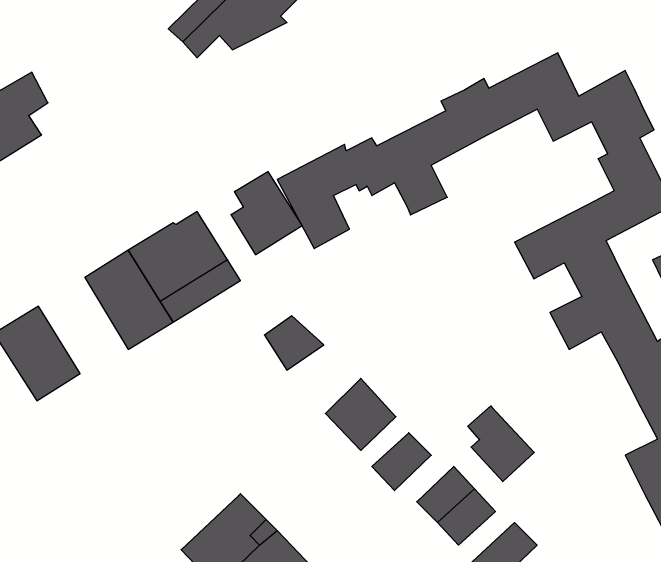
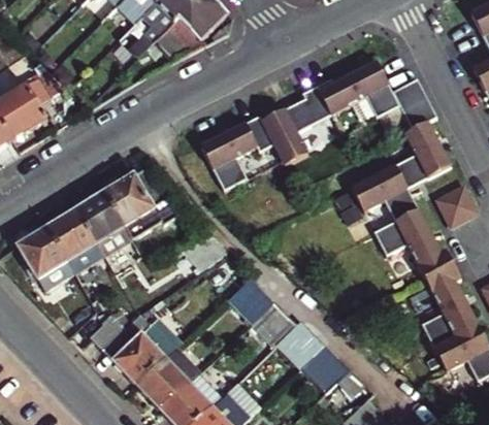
building: [231,172,302,255] -> none
building: none -> [43,208,101,272]
building: [468,406,534,482] -> none
building: none -> [100,313,172,384]

